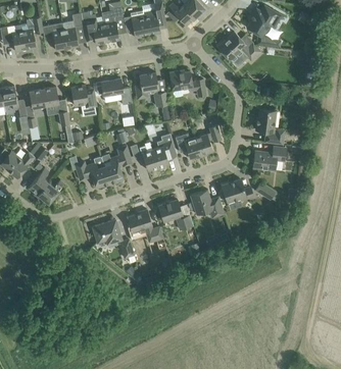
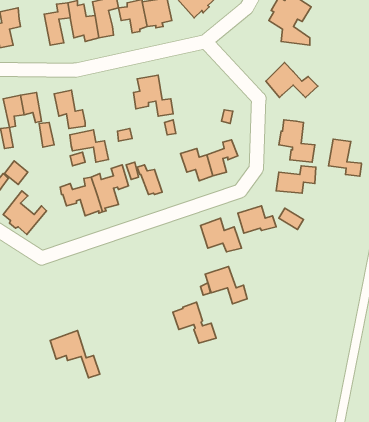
building: [41,22,66,50] -> none
building: [217,32,260,60] -> [266,63,318,97]
building: [168,70,205,97] -> none
building: [100,78,132,105] -> [70,130,108,162]
building: none -> [329,139,361,176]
building: [152,134,177,168] -> none
building: [157,200,192,230] -> [205,267,247,304]
building: [127,209,162,243] -> [173,302,216,343]
building: [92,219,133,258] -> [50,330,100,378]

